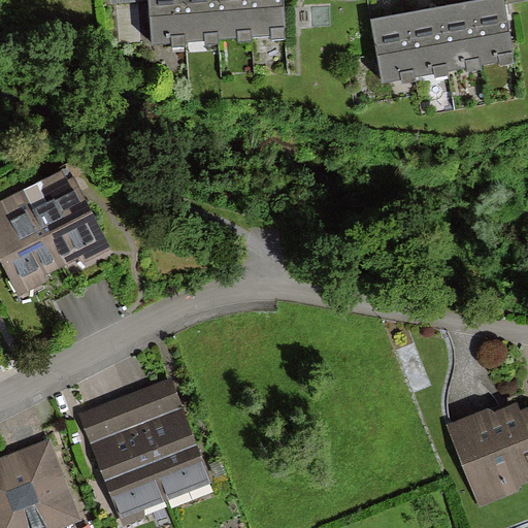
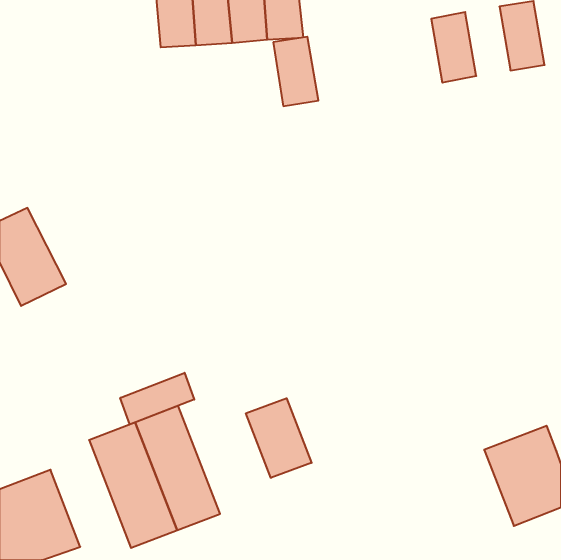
building: [436,6,478,71] -> none
building: [372,18,415,82] -> [273,37,318,106]
building: [26,174,103,266] -> none
building: none -> [120,373,194,425]
building: none -> [246,398,312,478]

